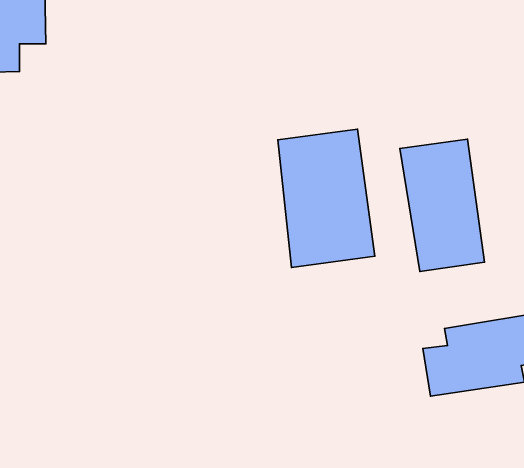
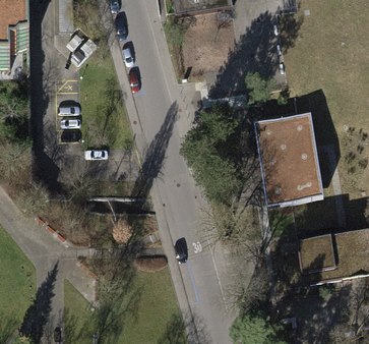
building: [278,129,375,268] -> none

